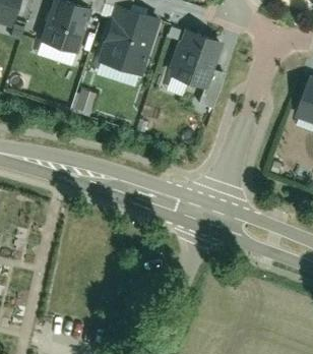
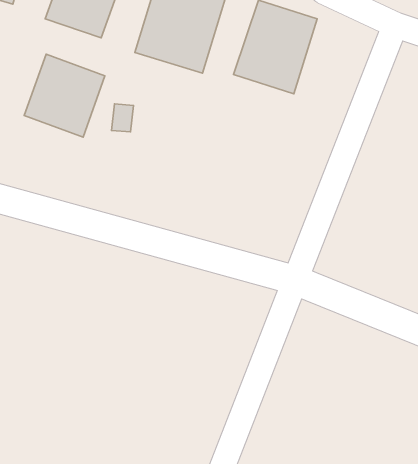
building: none -> [24,54,105,137]

